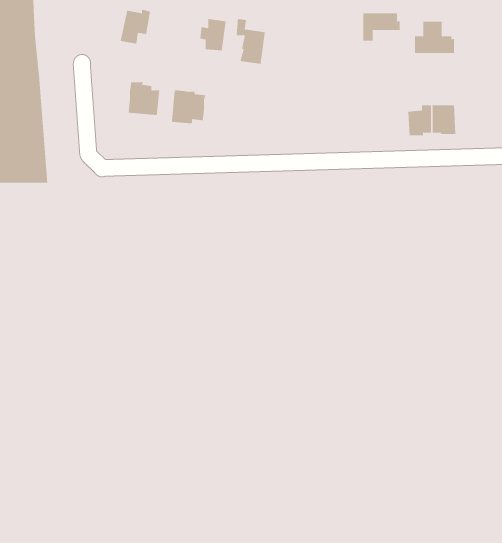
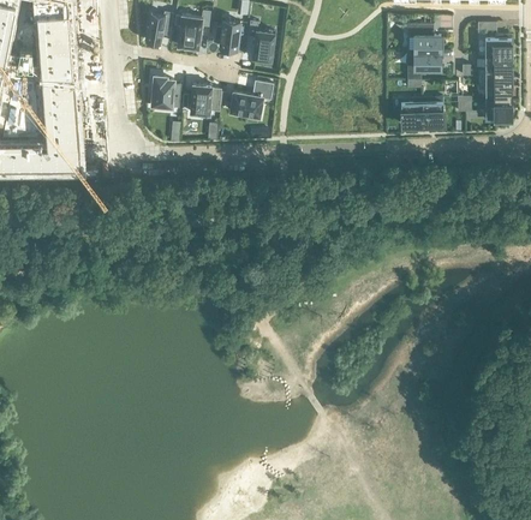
building: none -> [178,11,211,49]
building: [363,13,400,41] -> [407,52,441,77]
building: none -> [231,80,274,116]

